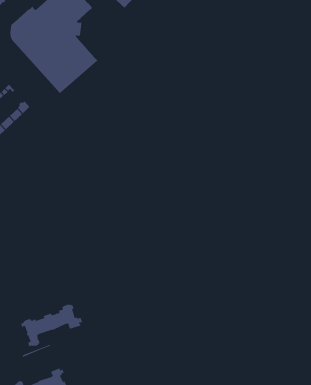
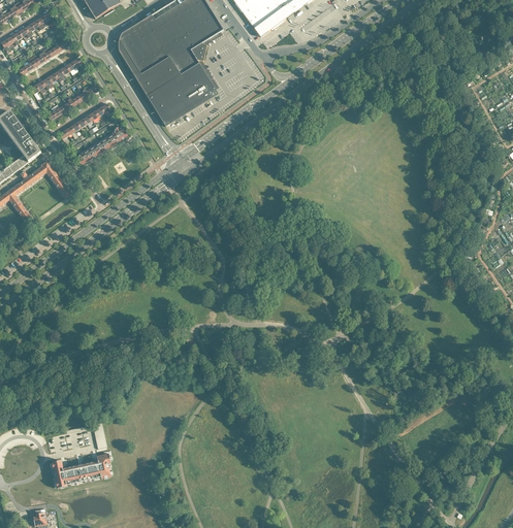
building: [20,304,83,347] -> none

